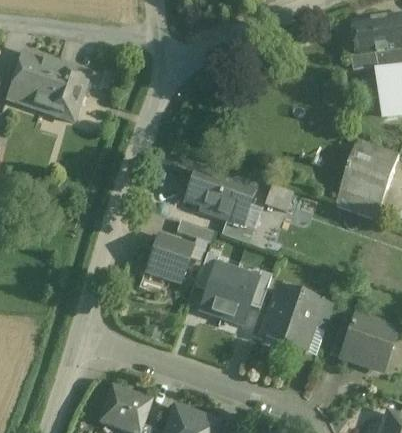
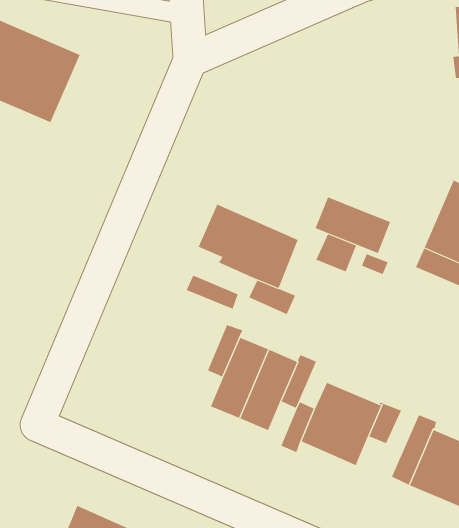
building: none -> [315,196,391,254]
building: [145,235,192,282] -> none

